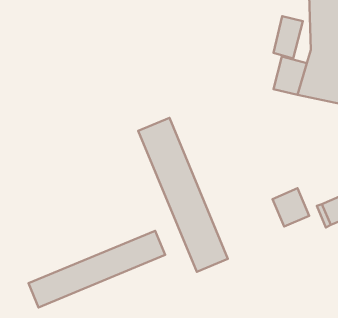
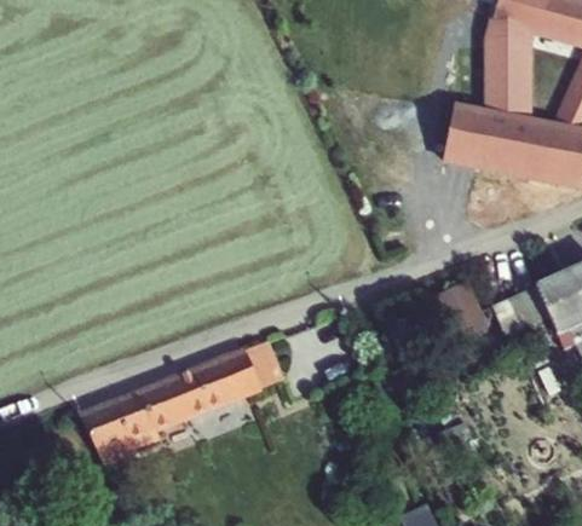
building: [274,16,303,58] -> none
building: [138,118,228,272] -> none

